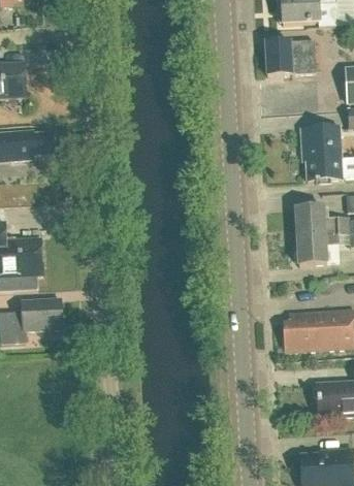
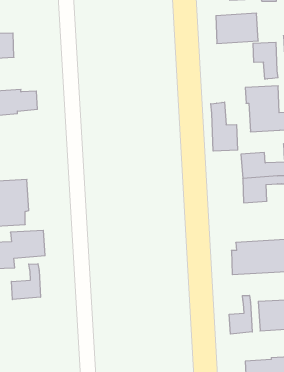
building: none -> [253,42,278,79]
building: none -> [211,102,238,151]
building: none -> [11,264,40,300]
building: none -> [229,295,252,334]

